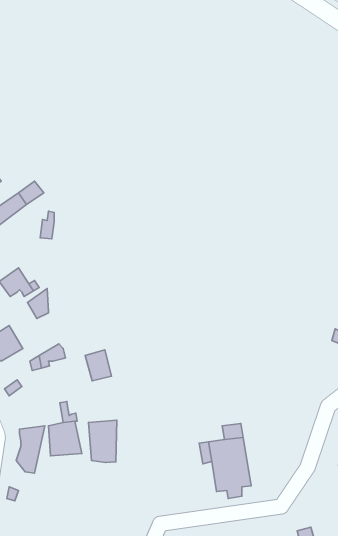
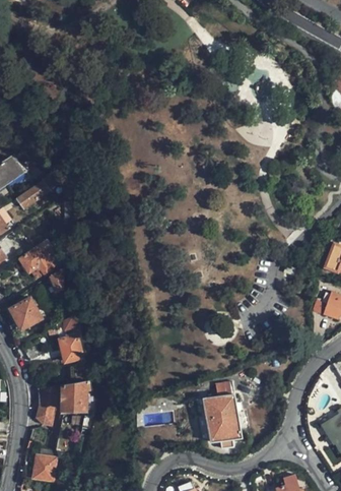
building: [85,350,112,381] -> [58,335,81,363]
building: [88,420,117,462] -> none
building: none -> [35,453,58,477]

